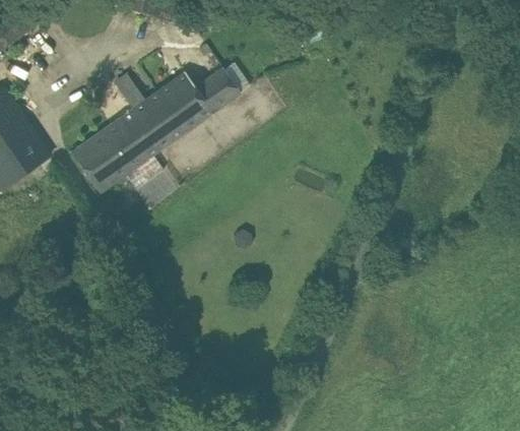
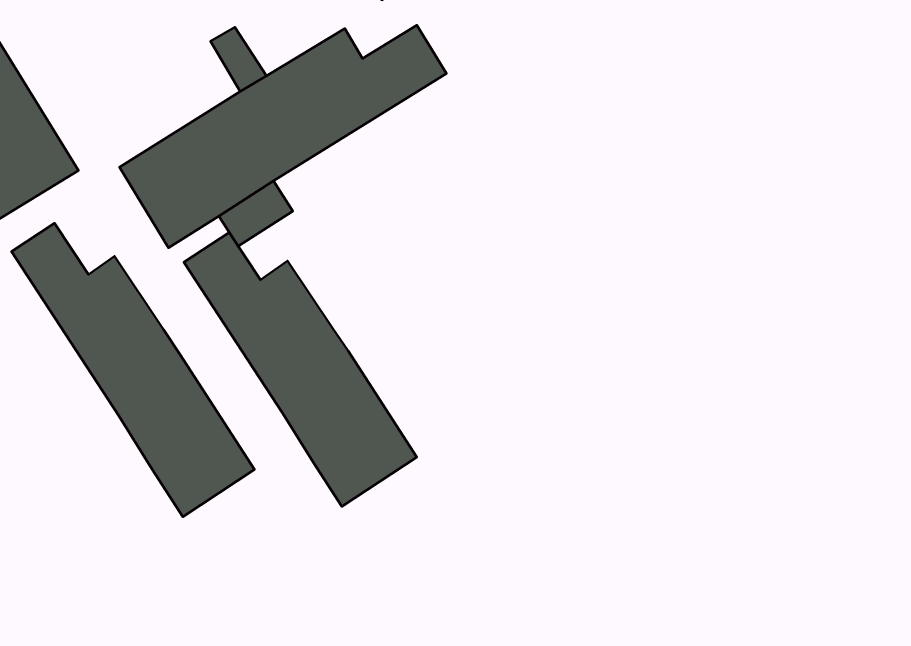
building: none -> [184,233,417,507]
building: none -> [11,223,254,517]

